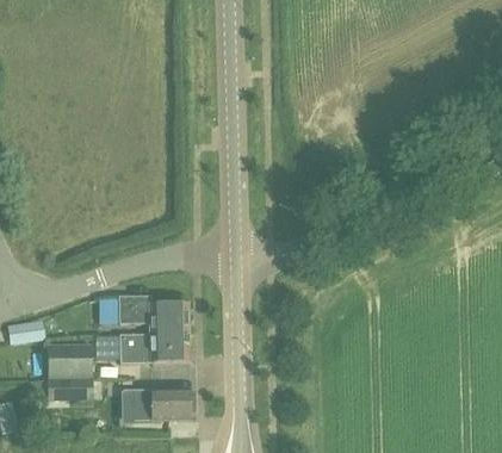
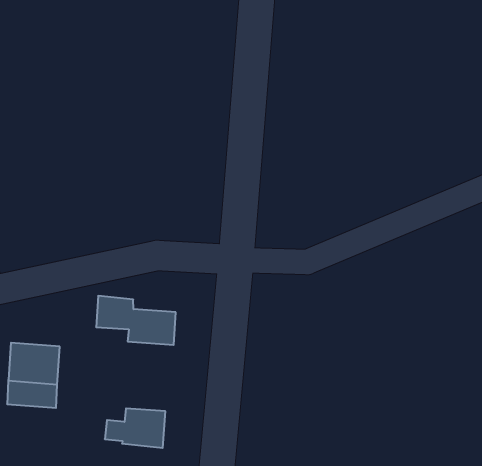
building: [118,330,188,361] -> none

